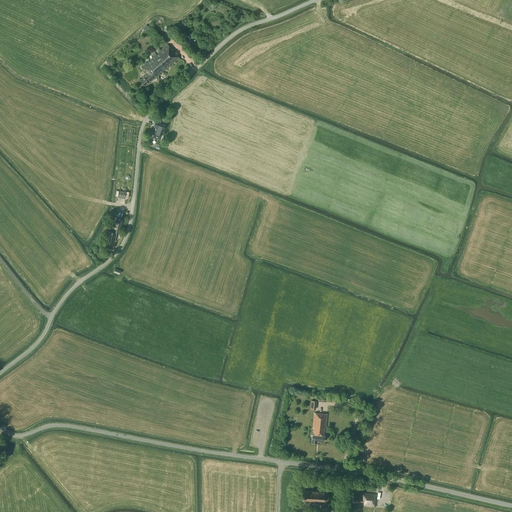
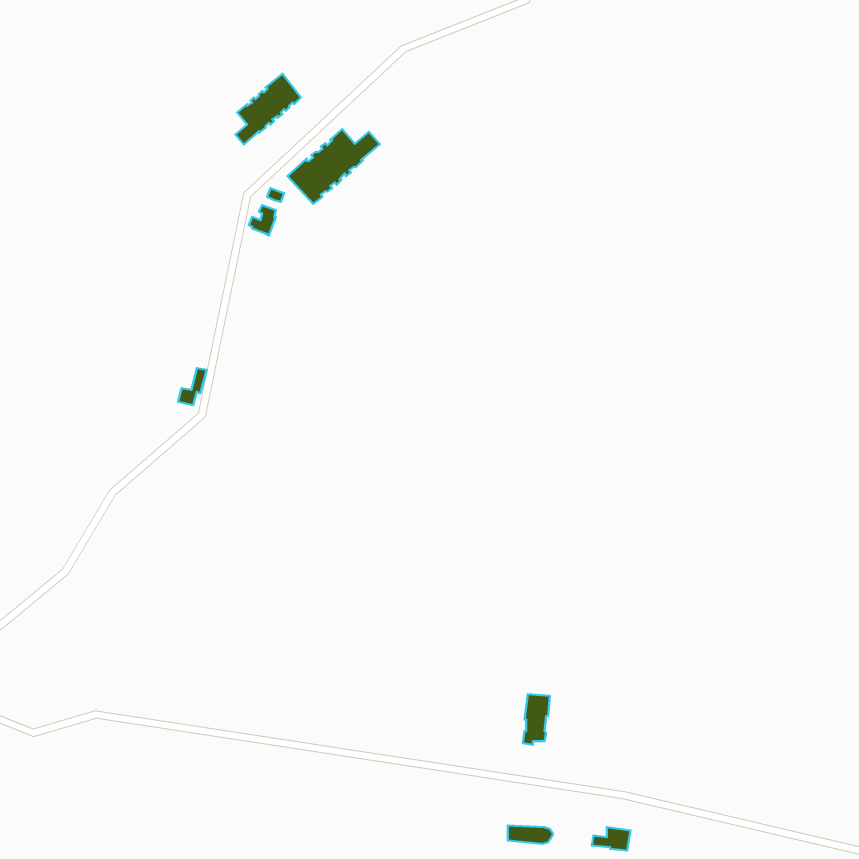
building: none -> [288,129,380,204]

